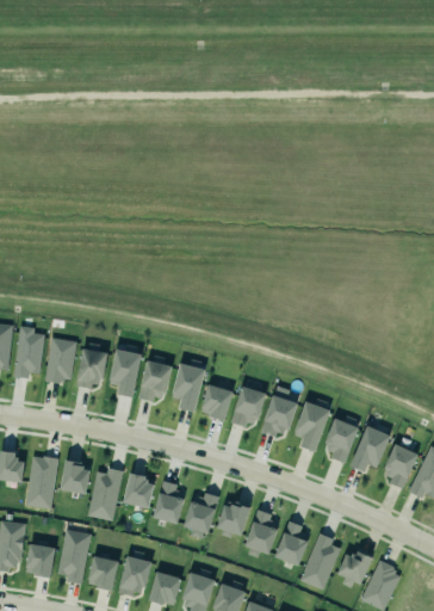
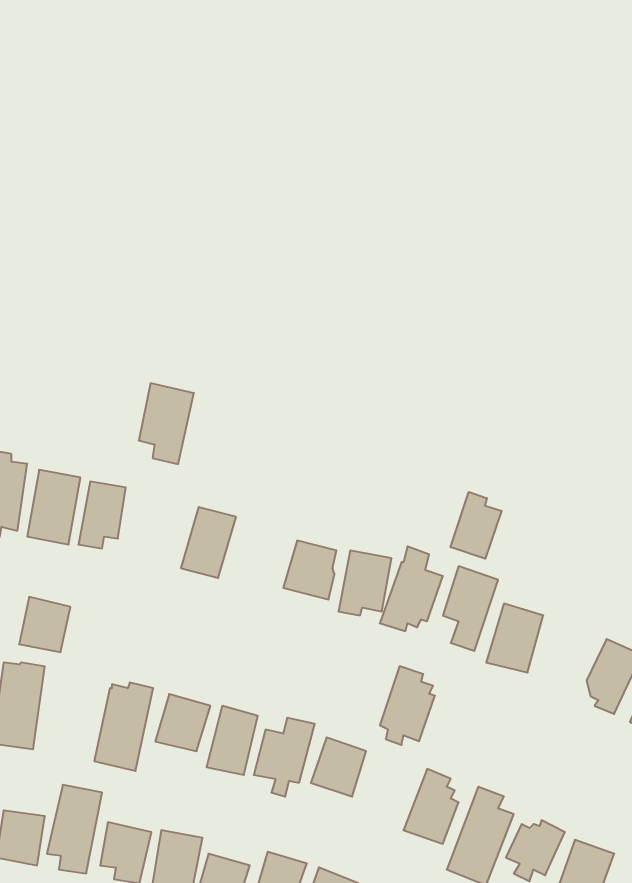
building: [110,350,143,399] -> [139,383,194,464]
building: none -> [451,492,502,559]
building: [173,365,205,413] -> none
building: [348,426,389,471] -> none
building: [61,462,92,495] -> [19,597,70,652]
building: [243,510,277,557] -> [380,666,435,745]

